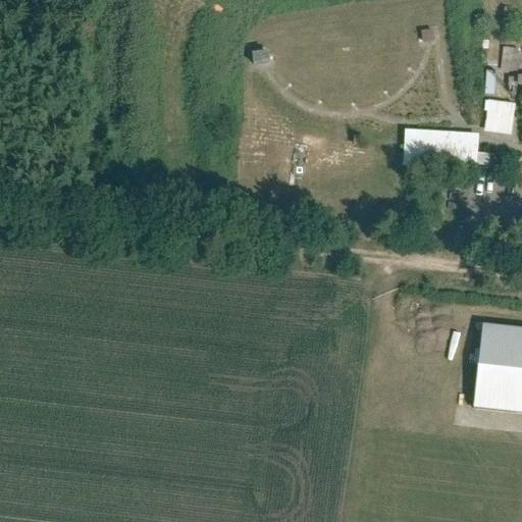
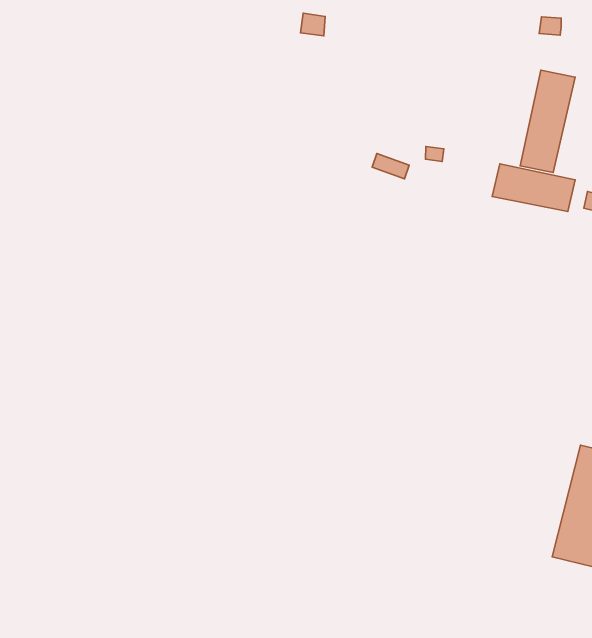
building: none -> [520,70,575,172]

